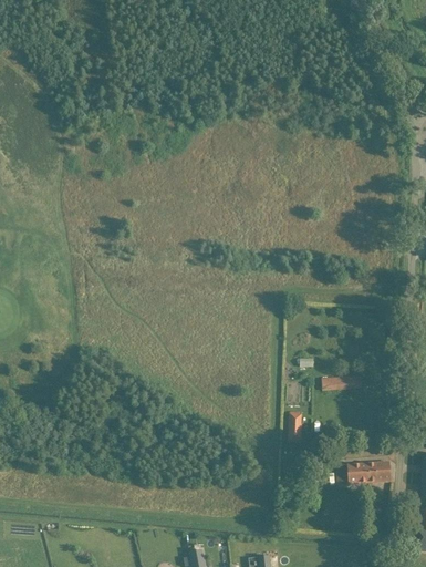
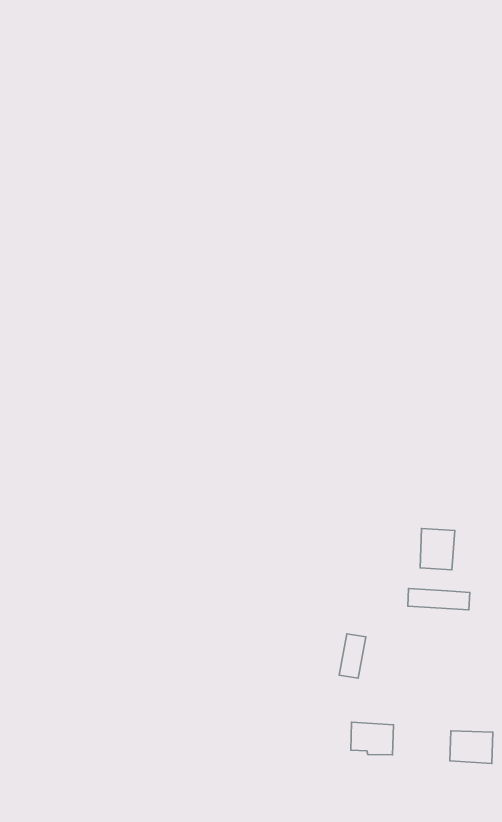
building: none -> [420,528,455,570]
building: [341,463,370,484] -> [351,722,394,755]

